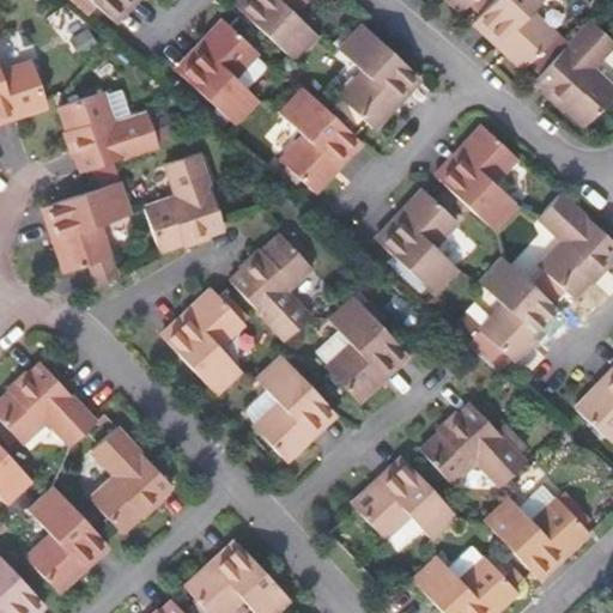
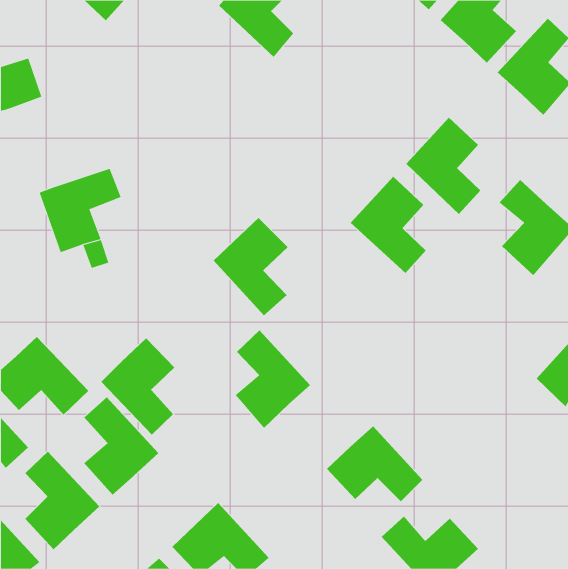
building: [177,19,260,126] -> none
building: [338,24,421,128] -> none
building: [278,86,362,192] -> none
building: [60,91,158,171] -> none
building: [144,152,224,251] -> none
building: [480,256,562,360] -> none
building: [163,289,243,394] -> [100,337,175,435]
building: [326,296,407,401] -> none
building: [419,402,524,485] -> none
building: [482,496,588,578] -> none

